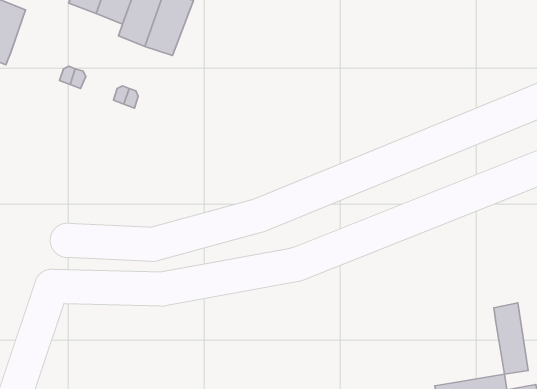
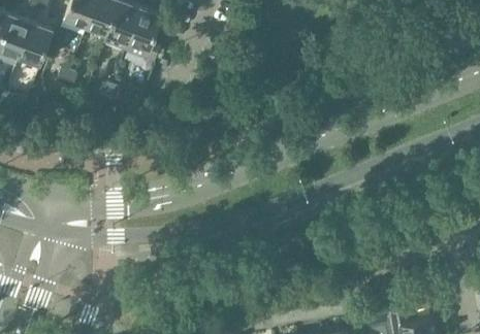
building: none -> [19,24,53,65]
building: [494,303,528,374] -> none

